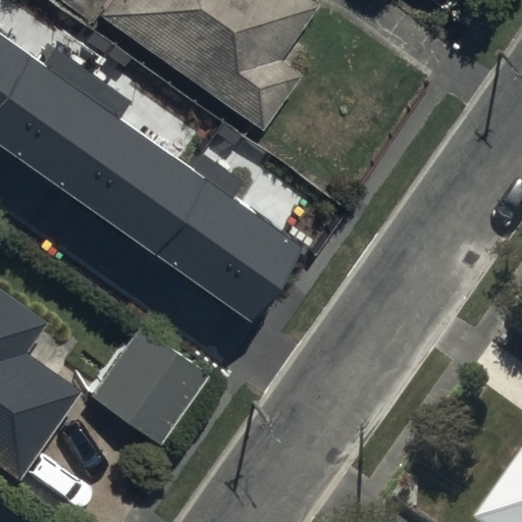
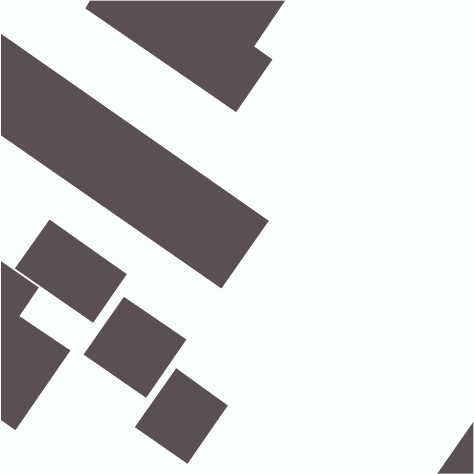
building: none -> [14,218,128,324]
building: none -> [134,367,229,465]

